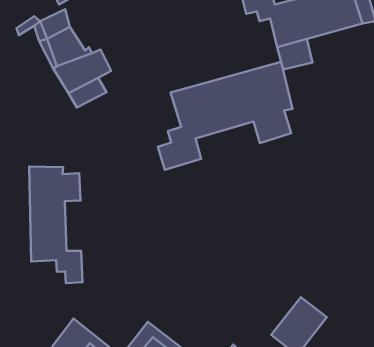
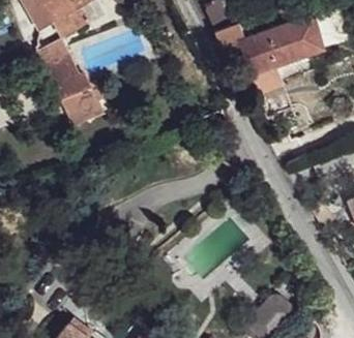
building: [158,62,292,170] -> none
building: [29,167,82,283] -> none

